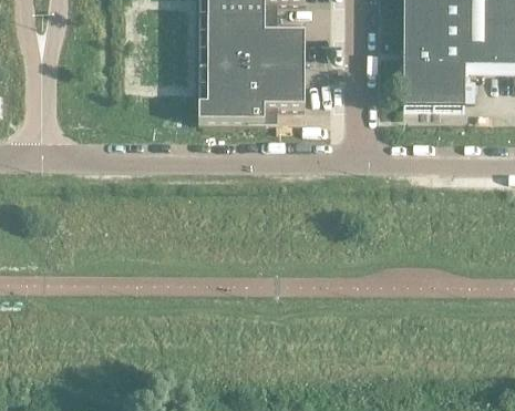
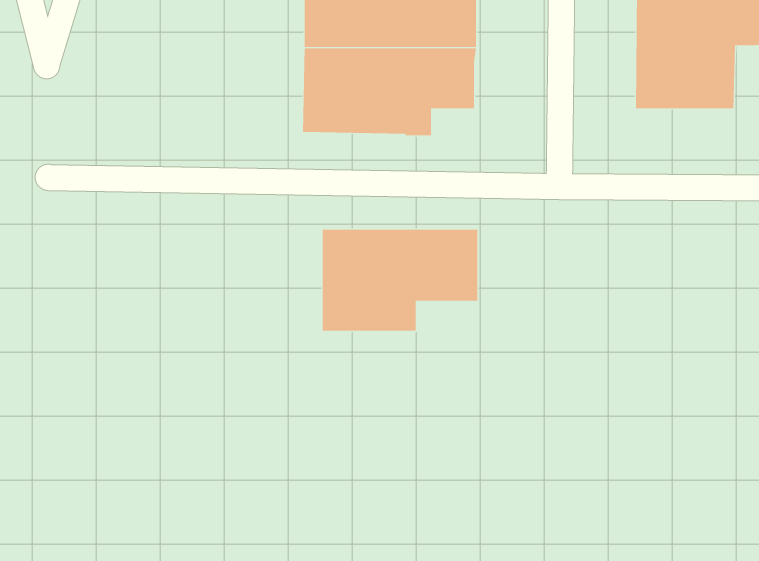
building: none -> [322,229,478,331]

